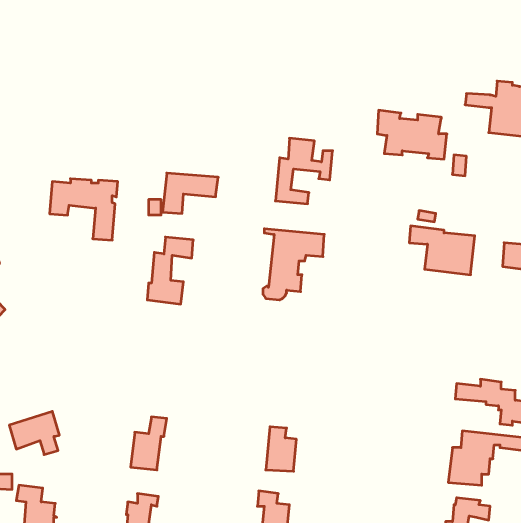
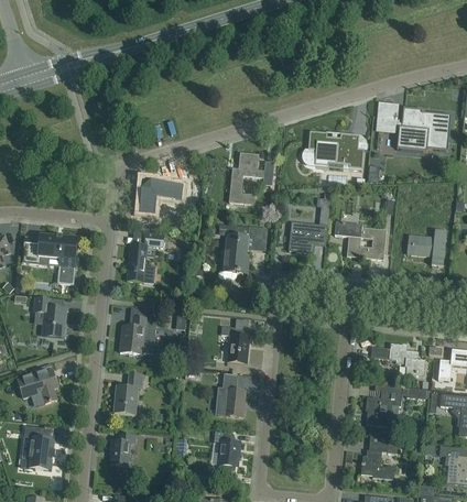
building: [50,179,118,240] -> [23,234,77,283]
building: none -> [287,221,327,253]
building: none -> [33,295,68,338]
building: none -> [120,316,154,353]
building: none -> [220,319,250,361]

